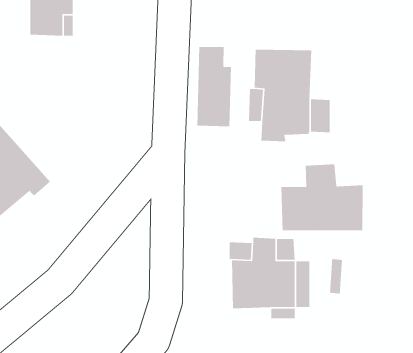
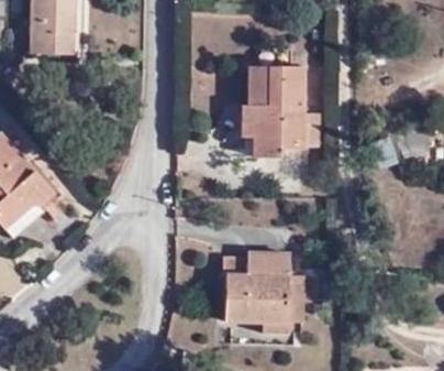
building: [196,46,232,127] -> none
building: [281,164,363,231] -> none

